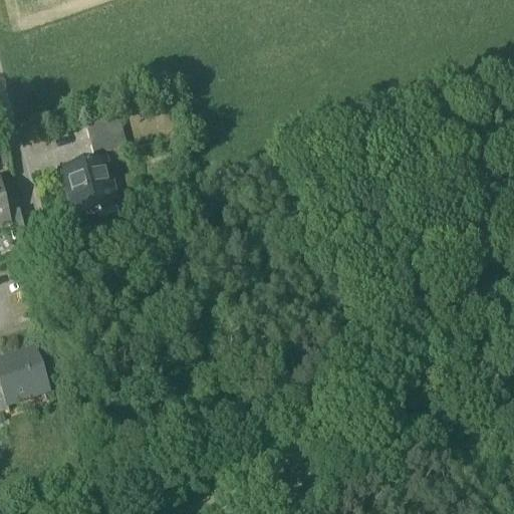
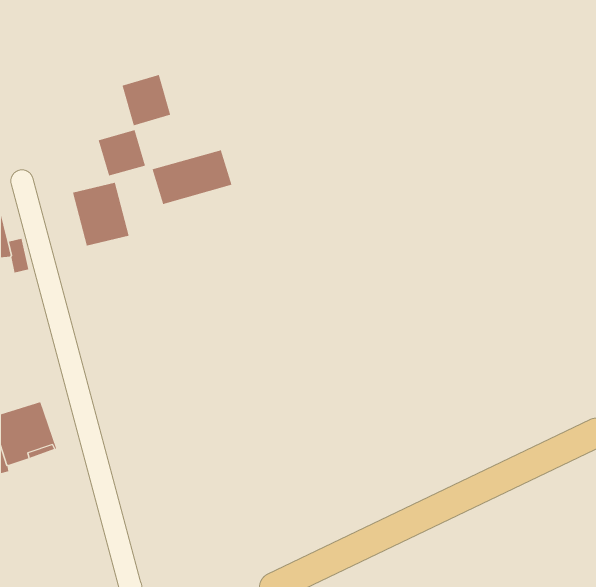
building: none -> [122,74,171,126]
building: none -> [152,149,232,205]

